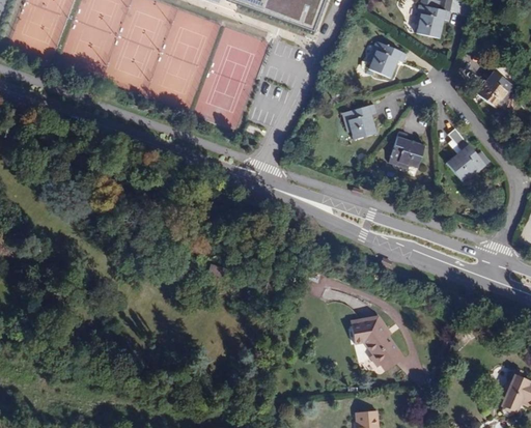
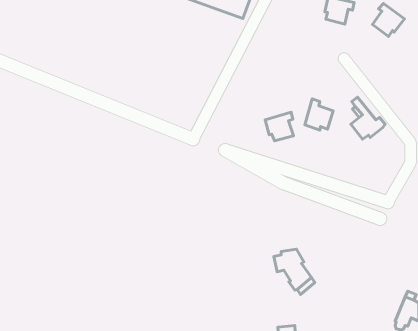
building: [367,39,406,77] -> none
building: [475,66,514,107] -> [373,4,404,36]
building: [341,103,376,138] -> [265,112,294,141]

